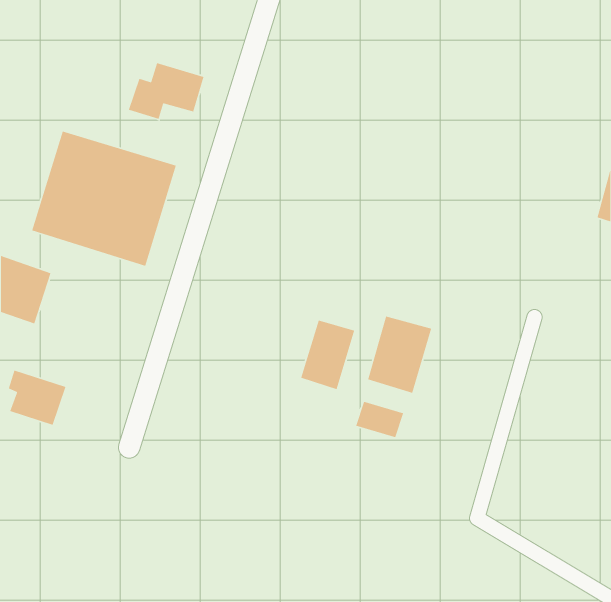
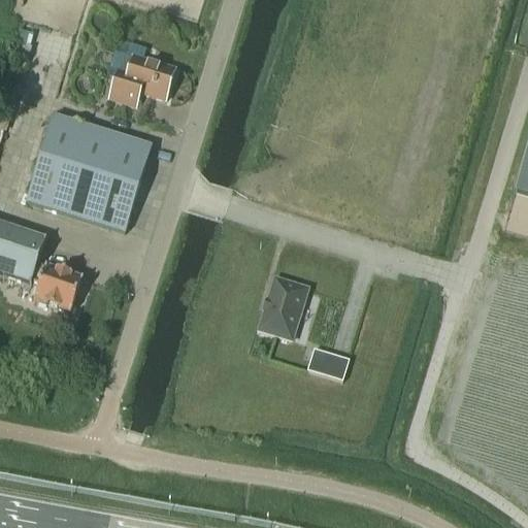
building: [367,315,432,394] -> none
building: [8,370,66,426] -> [33,261,84,309]

